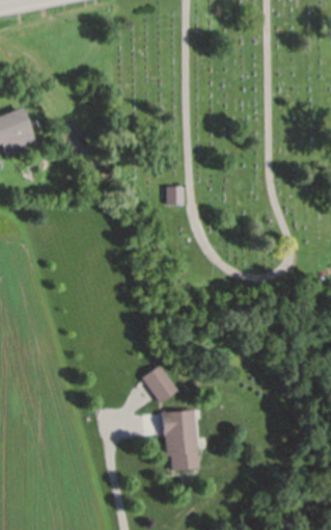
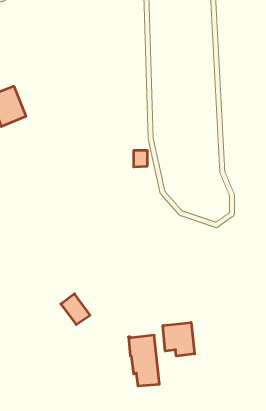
building: [142,365,177,402] -> [61,294,90,325]
building: none -> [163,322,195,356]

